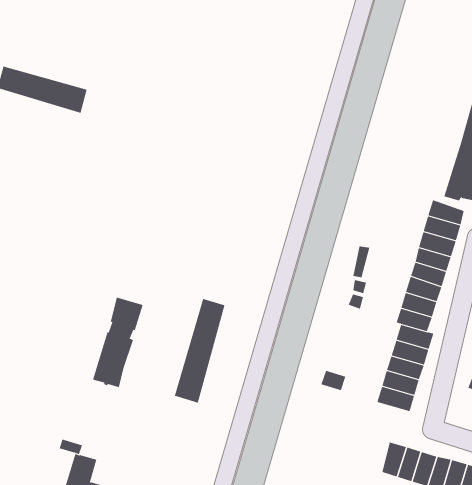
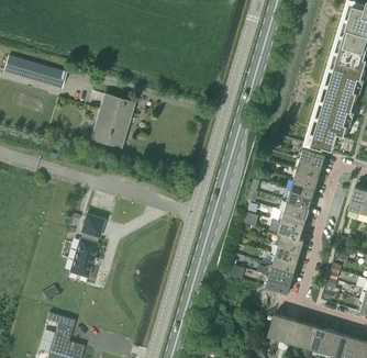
building: none -> [91,93,133,146]
building: [174,298,225,404] -> none

